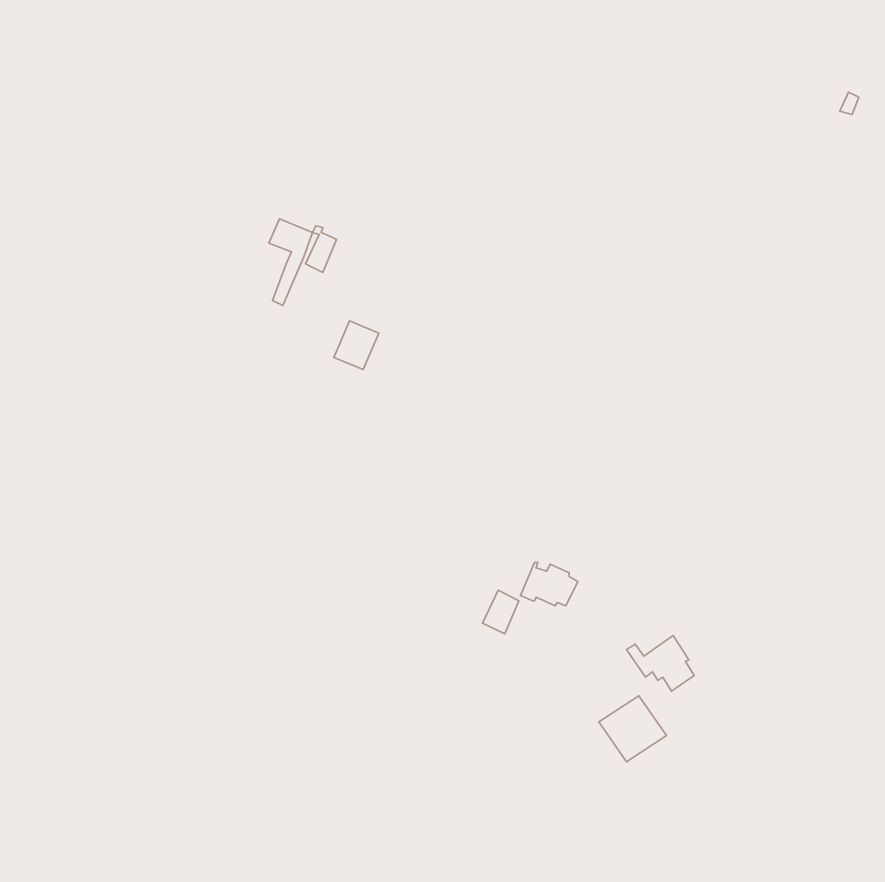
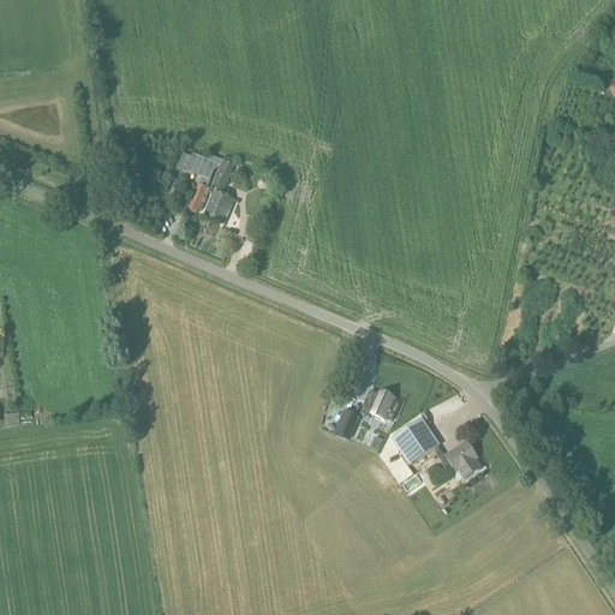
building: [334,321,379,370] -> [204,189,235,222]
building: [599,696,666,762] -> [393,417,440,462]

